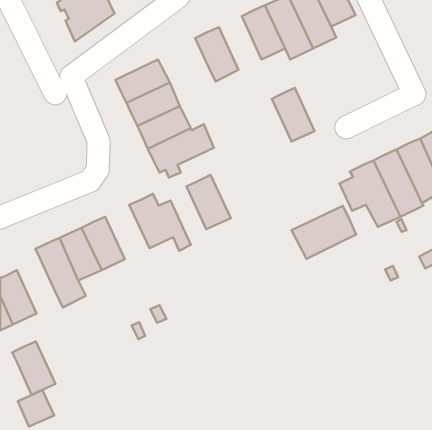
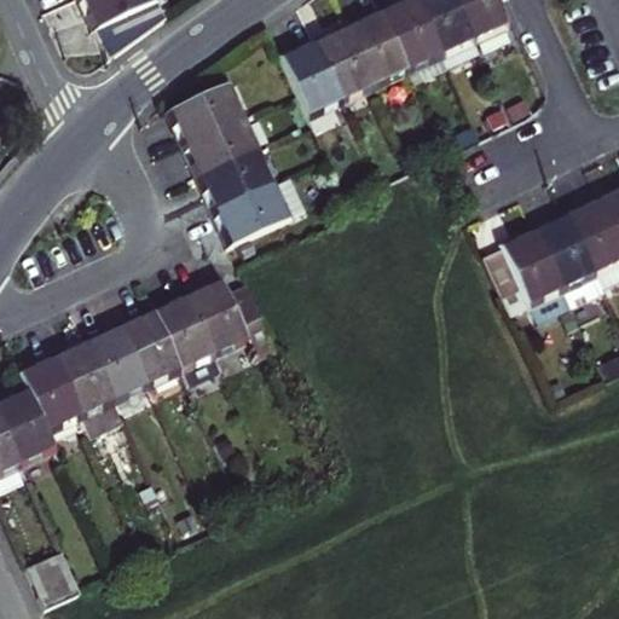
building: [272,88,314,141] -> [314,23,375,99]
building: [187,175,231,229] -> [152,291,215,369]
building: [292,206,356,259] -> none
building: [12,341,55,395] -> [19,354,81,430]

